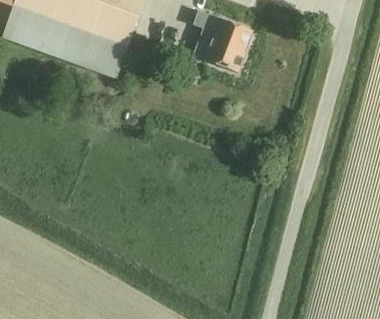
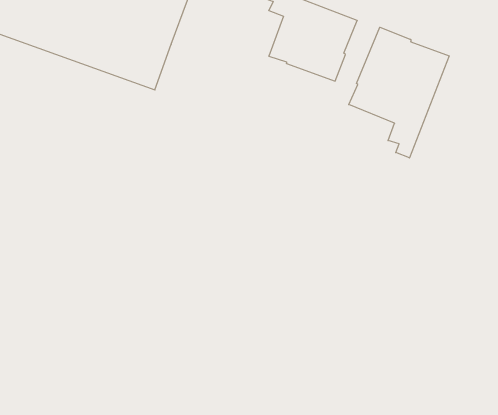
building: none -> [349,27,449,158]

